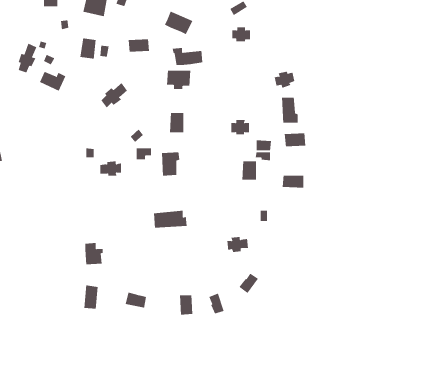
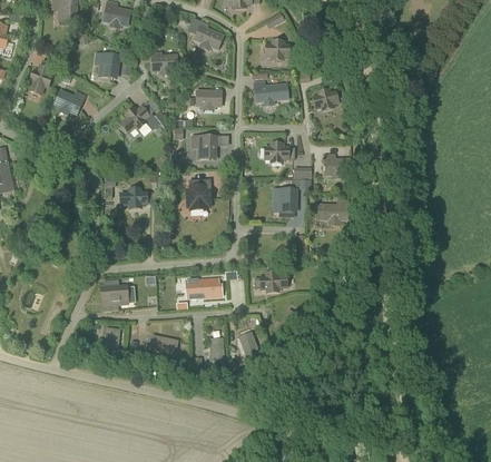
building: [172,47,203,66] -> [252,80,286,100]
building: [281,97,298,124] -> none
building: [153,210,187,228] -> [184,277,222,297]

